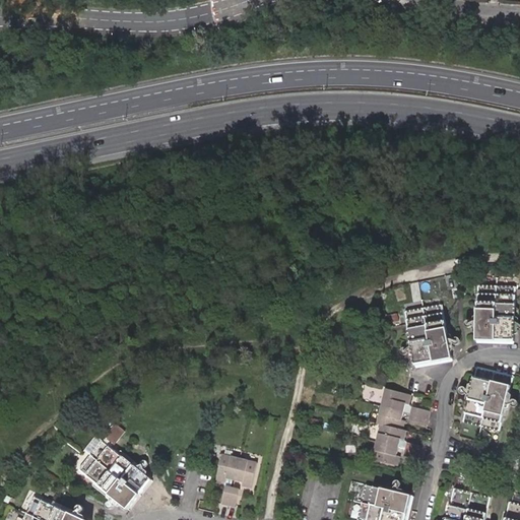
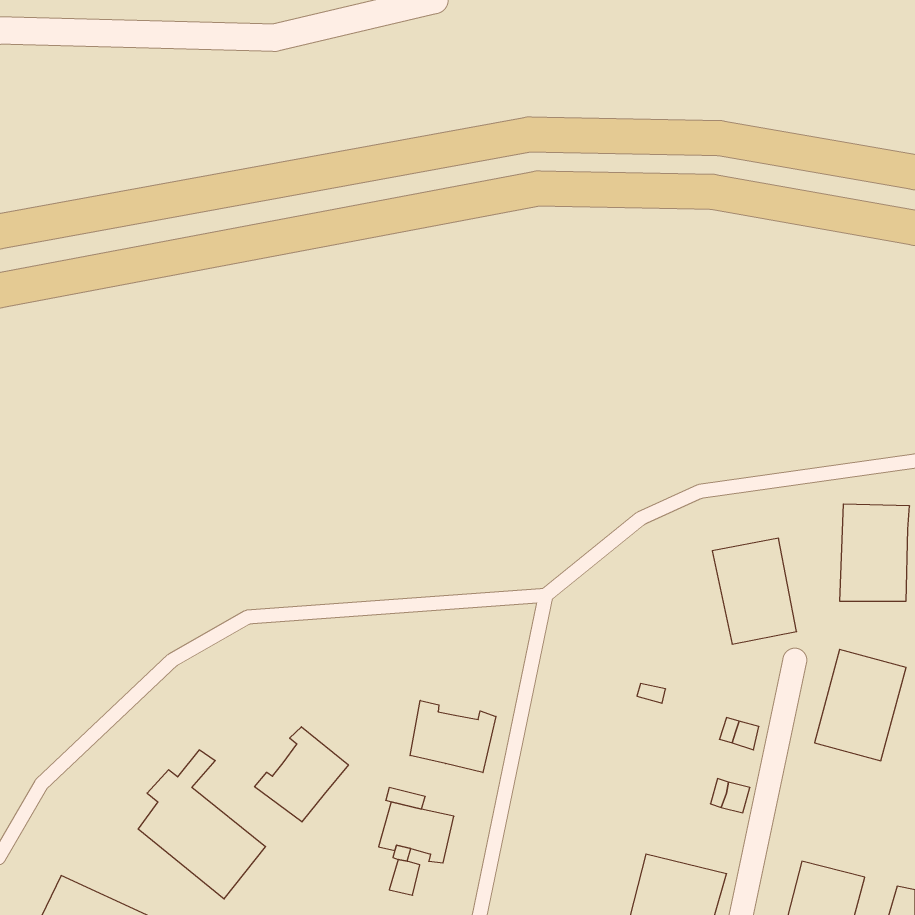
building: [370,389,410,464] -> none
building: none -> [410,700,496,773]
building: none -> [255,727,348,822]

